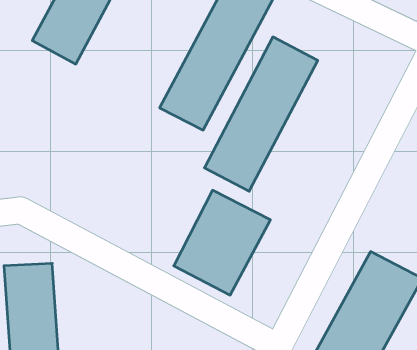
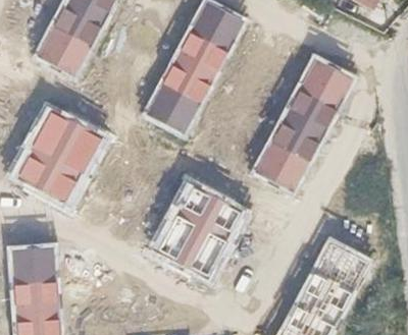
building: [204,37,318,191] -> [255,57,353,190]
building: none -> [16,111,101,203]

